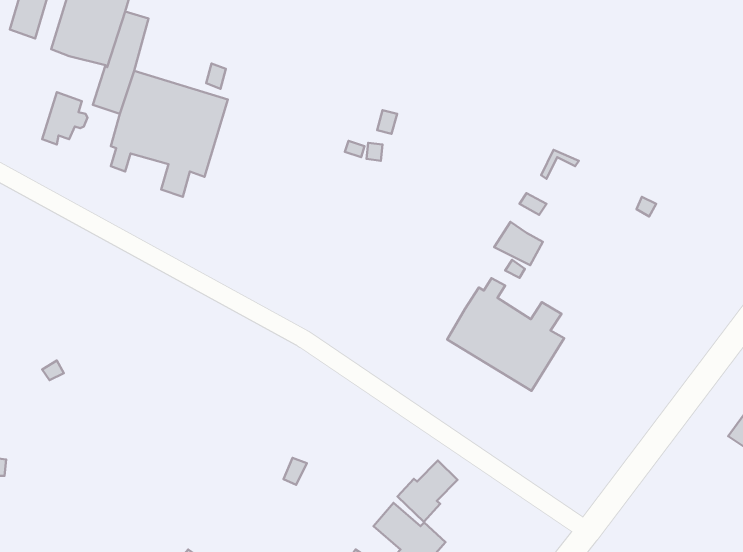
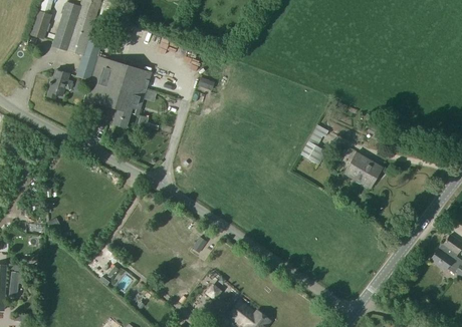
building: none -> [343,153,382,190]
building: [447,278,564,391] -> none
building: [397,460,457,522] -> none

